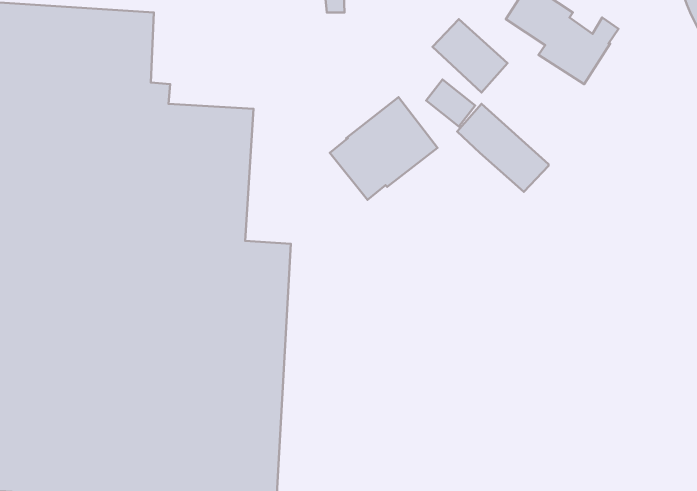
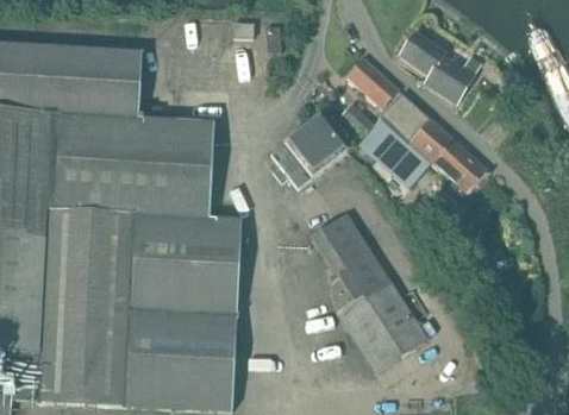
building: none -> [379,92,487,194]
building: none -> [309,213,427,371]

